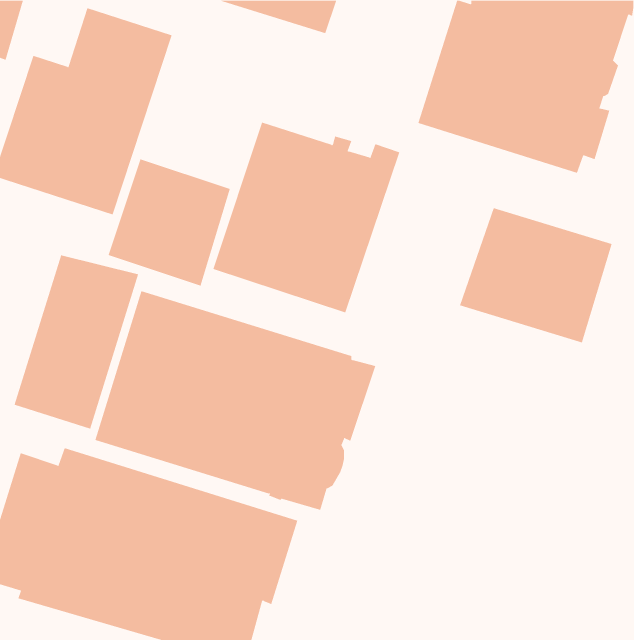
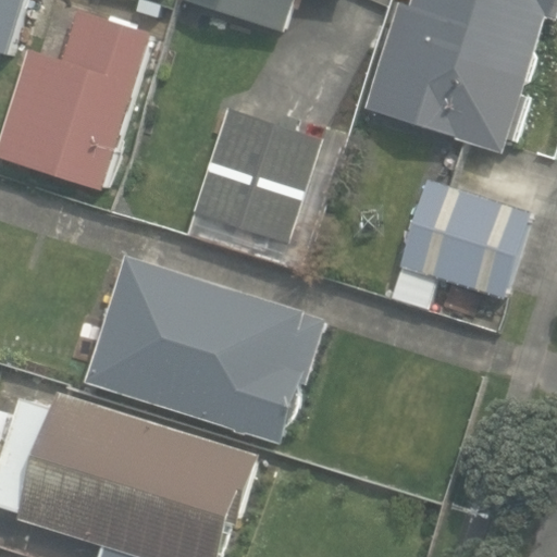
building: [108,158,231,287] -> none
building: [14,255,139,429] -> none

